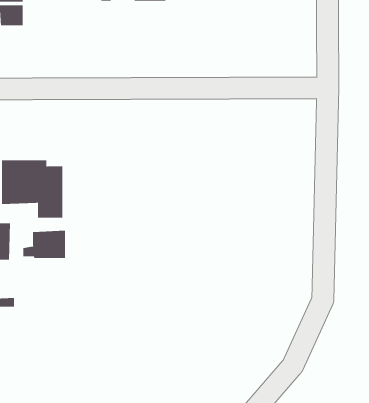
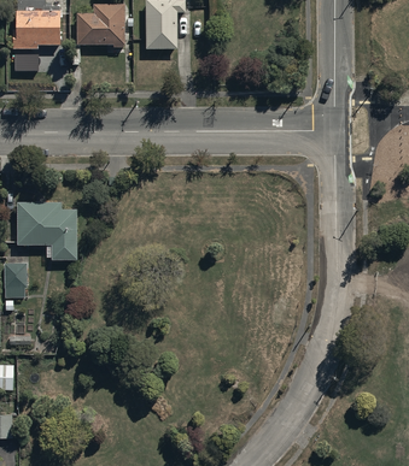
building: [23,230,66,259] -> none

